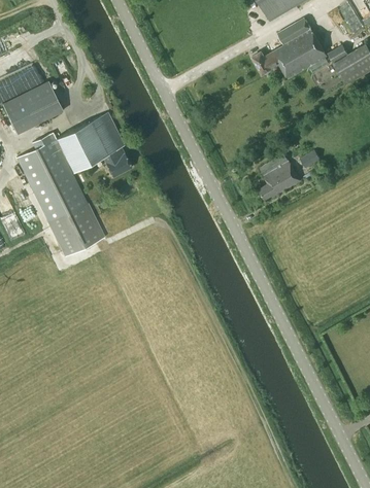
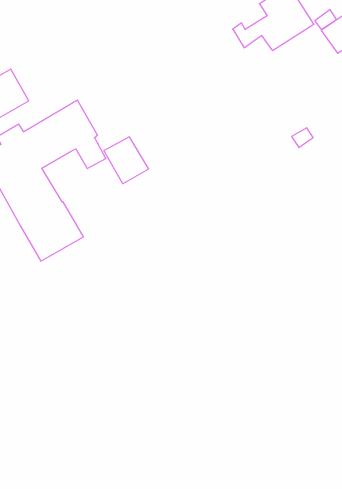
building: none -> [104,137,149,184]
building: [259,154,300,199] -> none

